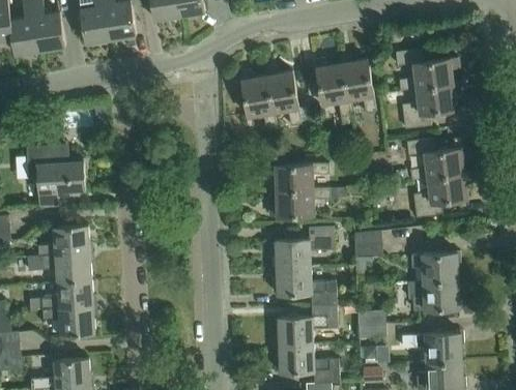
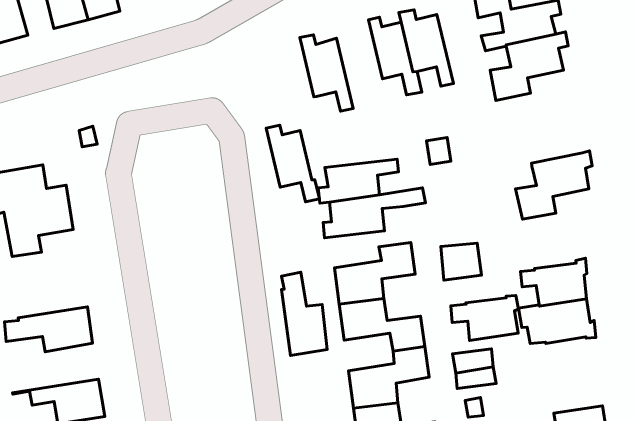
building: [241,69,276,127] -> [266,125,319,202]
building: [407,138,469,180] -> none
building: [37,224,90,253] -> none
building: none -> [281,272,327,355]
building: [29,277,93,308] -> none
building: [414,331,464,361] -> [451,295,519,341]

